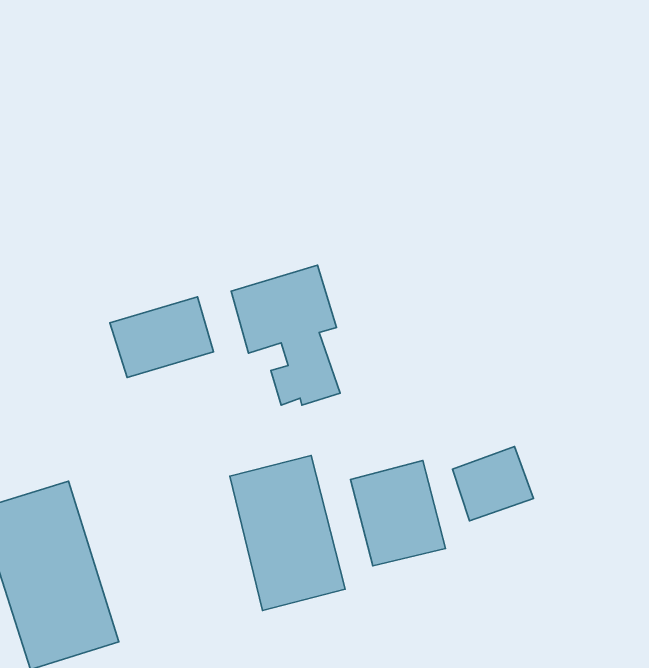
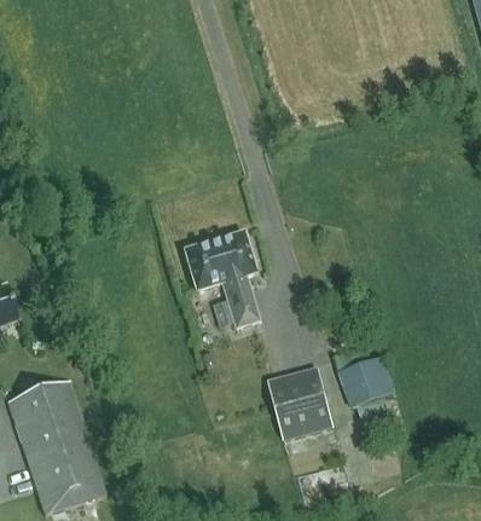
building: [110,297,213,377] -> none
building: [230,455,345,610] -> none

